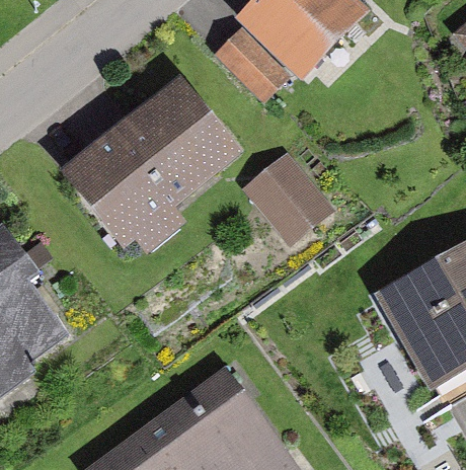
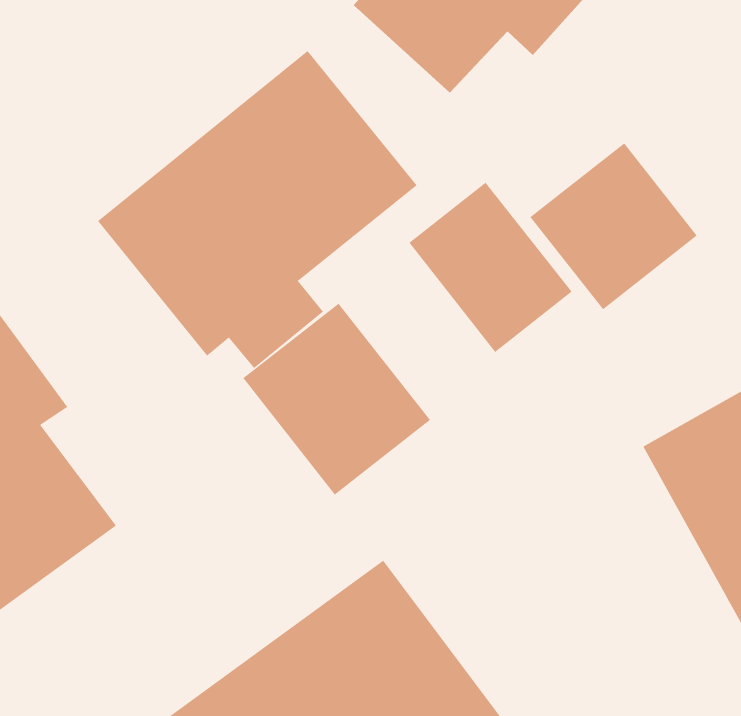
building: none -> [530,143,698,310]
building: none -> [242,303,431,495]

